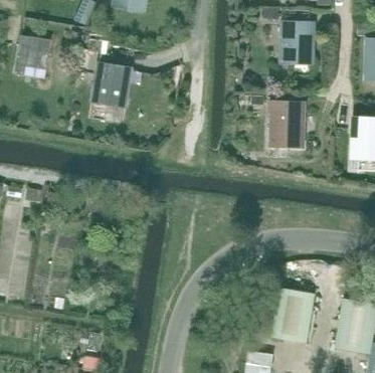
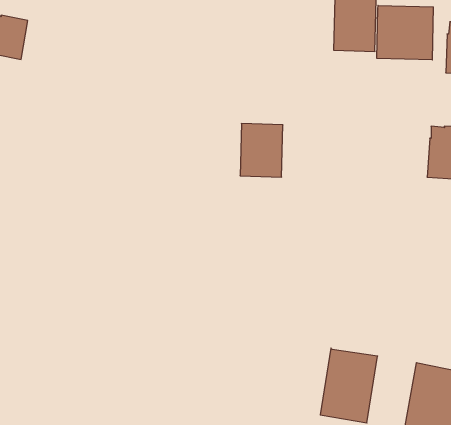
building: none -> [377,5,433,60]
building: [93,62,131,106] -> none
building: [271,102,304,142] -> [240,124,283,177]

